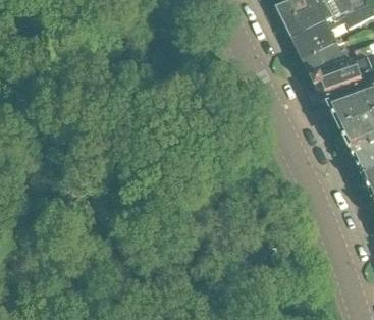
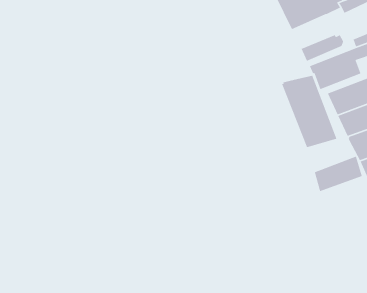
building: [295,28,338,61] -> none
building: none -> [281,75,337,148]
building: none -> [314,155,363,192]

